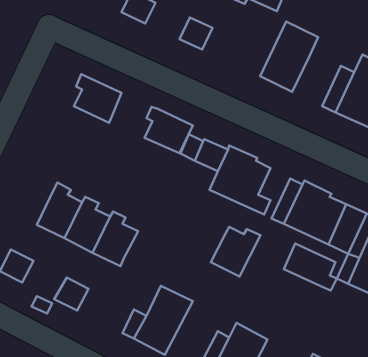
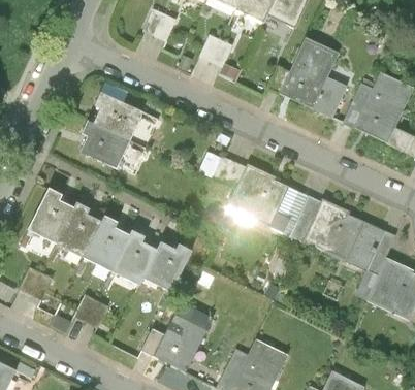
building: none -> [312,75,348,119]
building: [144,107,193,153] -> [81,122,129,168]
building: none -> [29,186,74,242]
building: [211,227,260,277] -> [143,241,193,291]
building: [284,243,337,290] -> none

